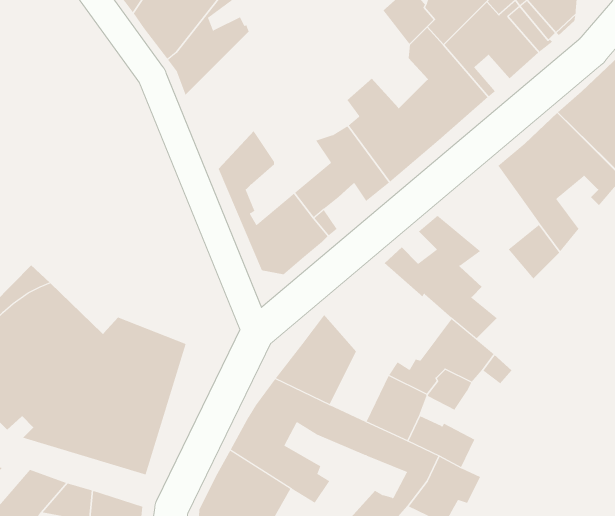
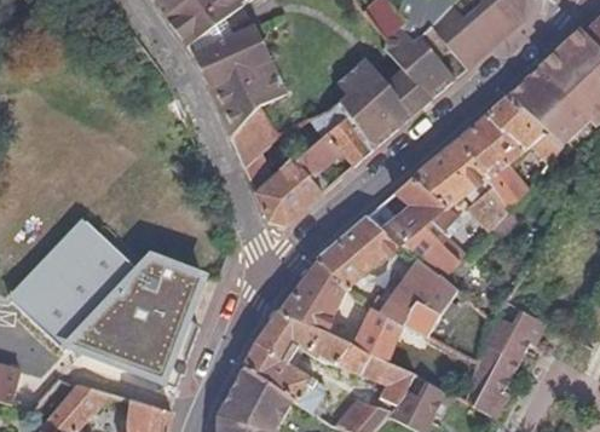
building: none -> [207,29,288,140]
building: none -> [411,138,488,260]
building: none -> [319,217,399,288]
building: none -> [467,310,543,415]

